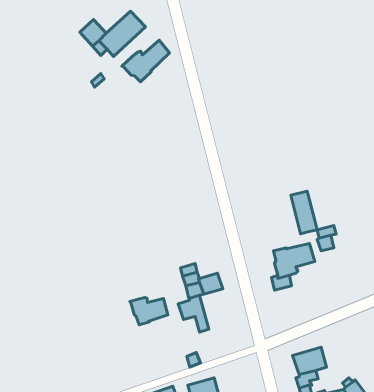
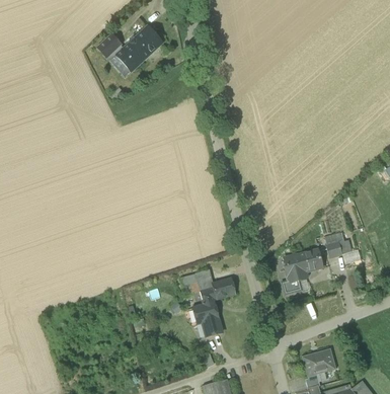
building: [122,40,170,82] -> none
building: [291,191,317,234] -> none
building: [130,298,168,325] -> none

